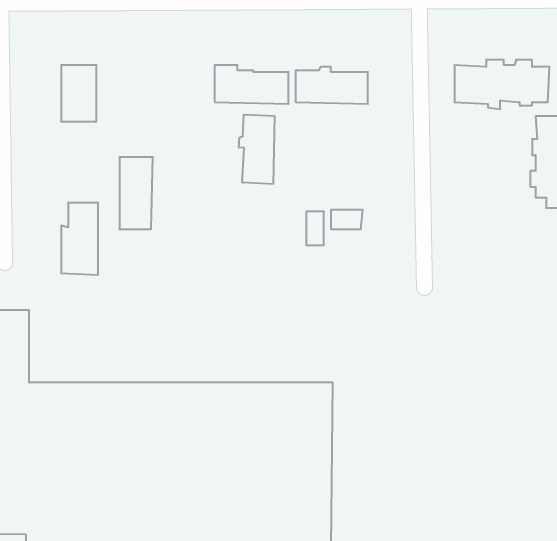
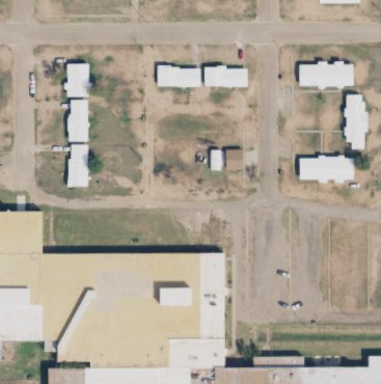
building: [239,115,275,184] -> none
building: [119,157,153,229] -> [69,101,88,143]
building: none -> [299,156,354,185]

